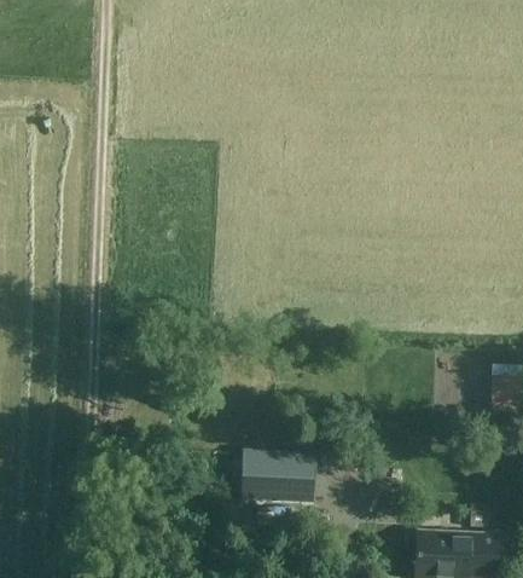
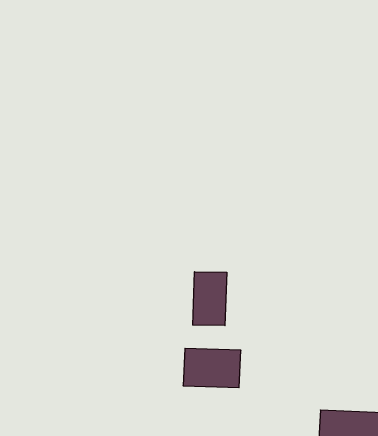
building: none -> [193,272,227,326]

